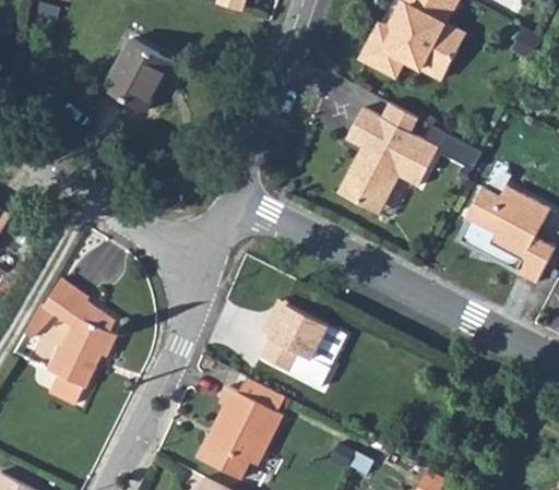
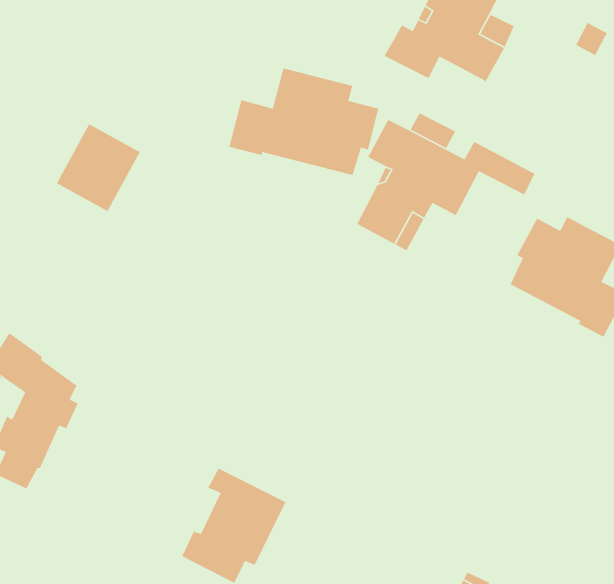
building: [105,38,173,109] -> [56,123,141,212]
building: none -> [229,67,379,176]
building: [260,303,333,390] -> none

